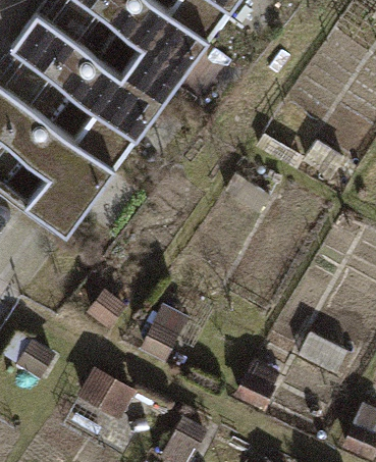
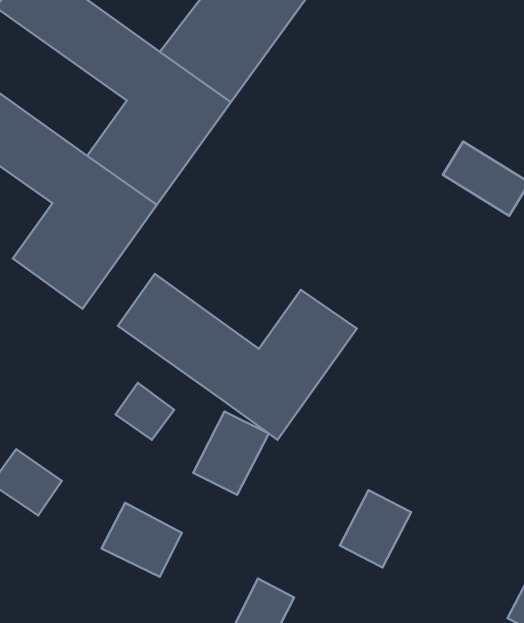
building: none -> [118,274,357,440]

